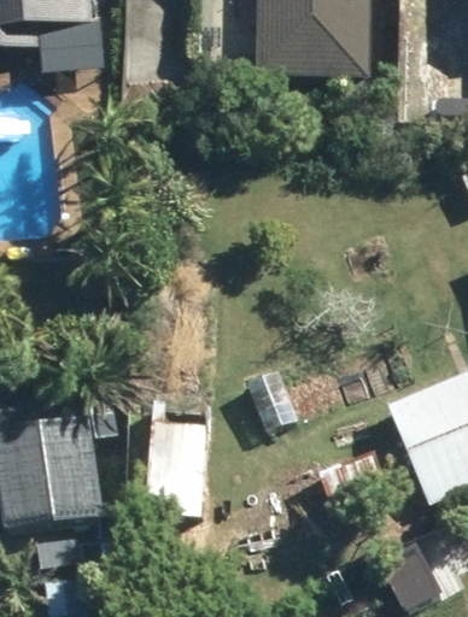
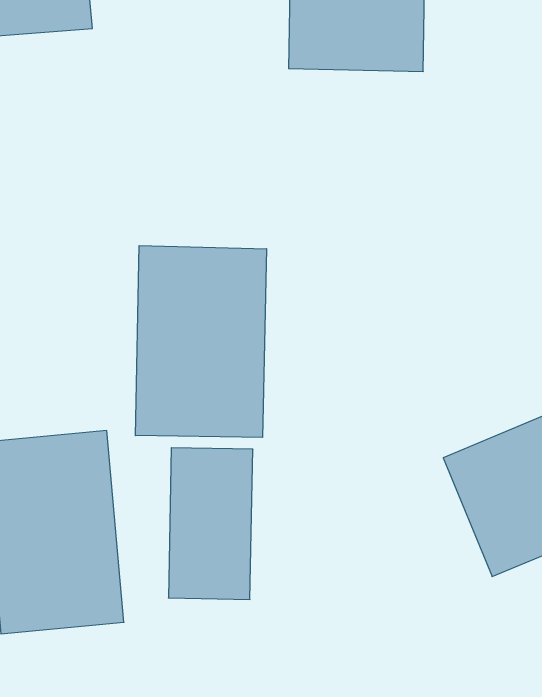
building: none -> [135,246,267,437]

